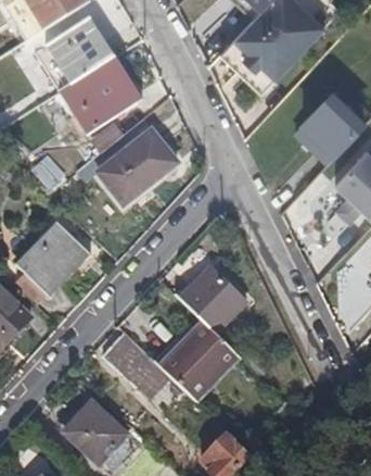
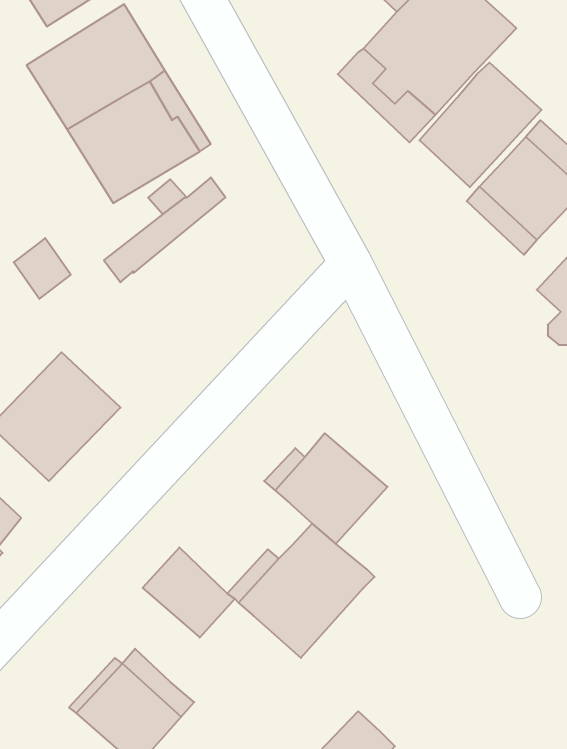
building: none -> [419,63,542,187]
building: [98,130,177,205] -> none

